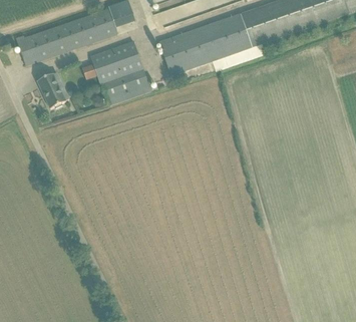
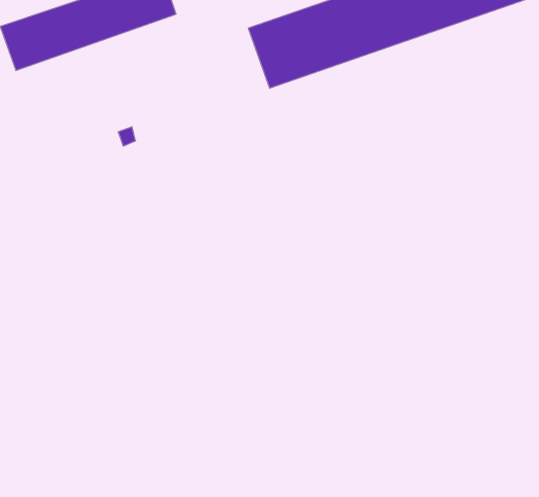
building: [90,39,150,104] -> none
building: [37,71,69,107] -> none

